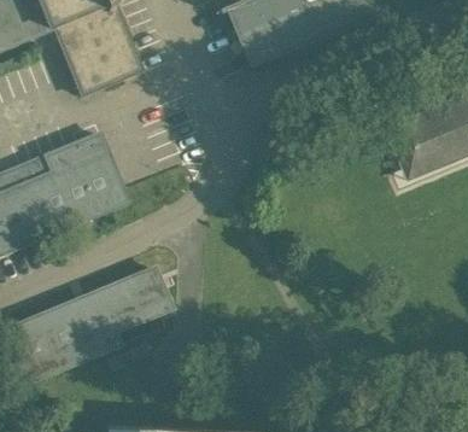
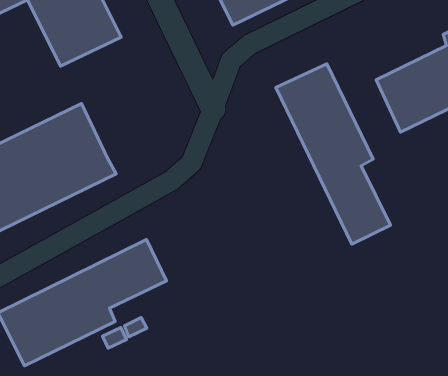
building: none -> [276,64,390,244]

